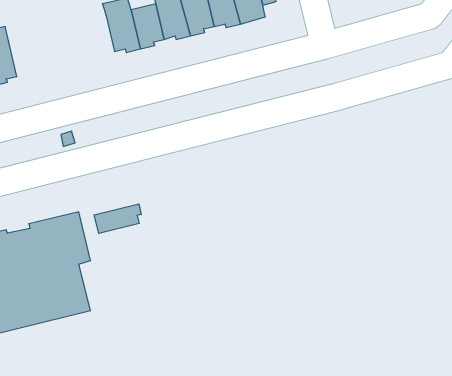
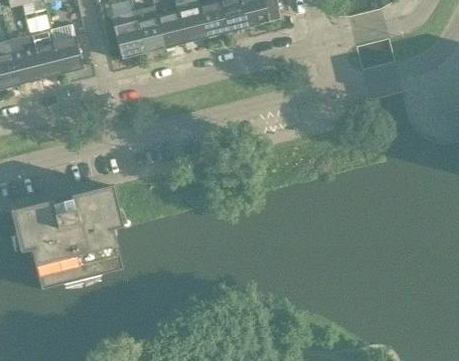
building: none -> [112,20,141,59]
building: none -> [49,24,82,71]
building: [94,204,141,234] -> none

